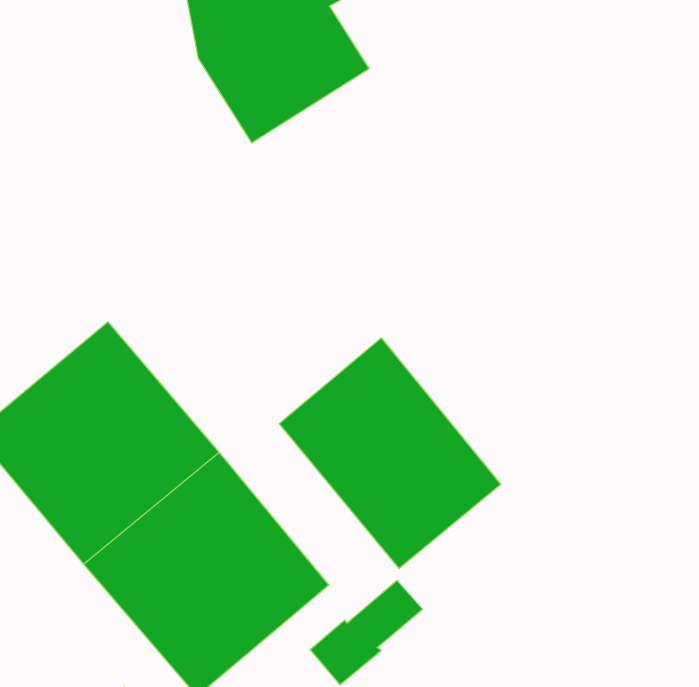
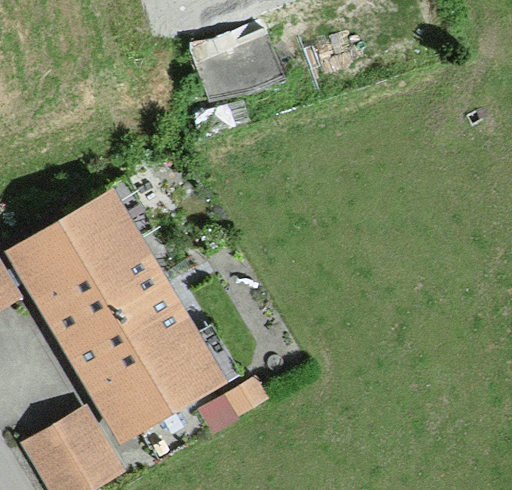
building: [279,338,501,569] -> none

